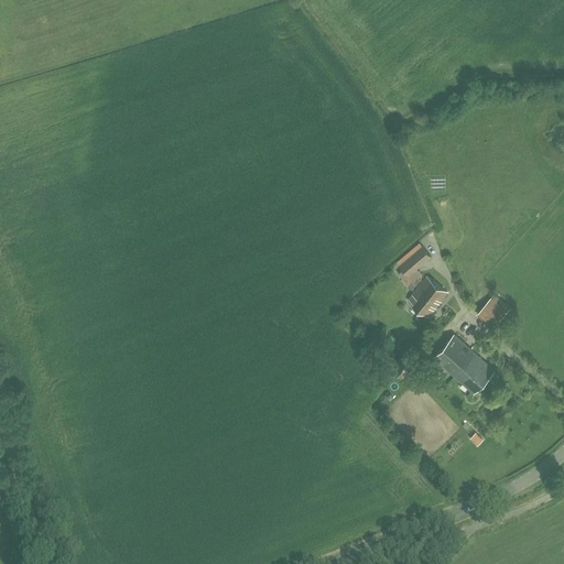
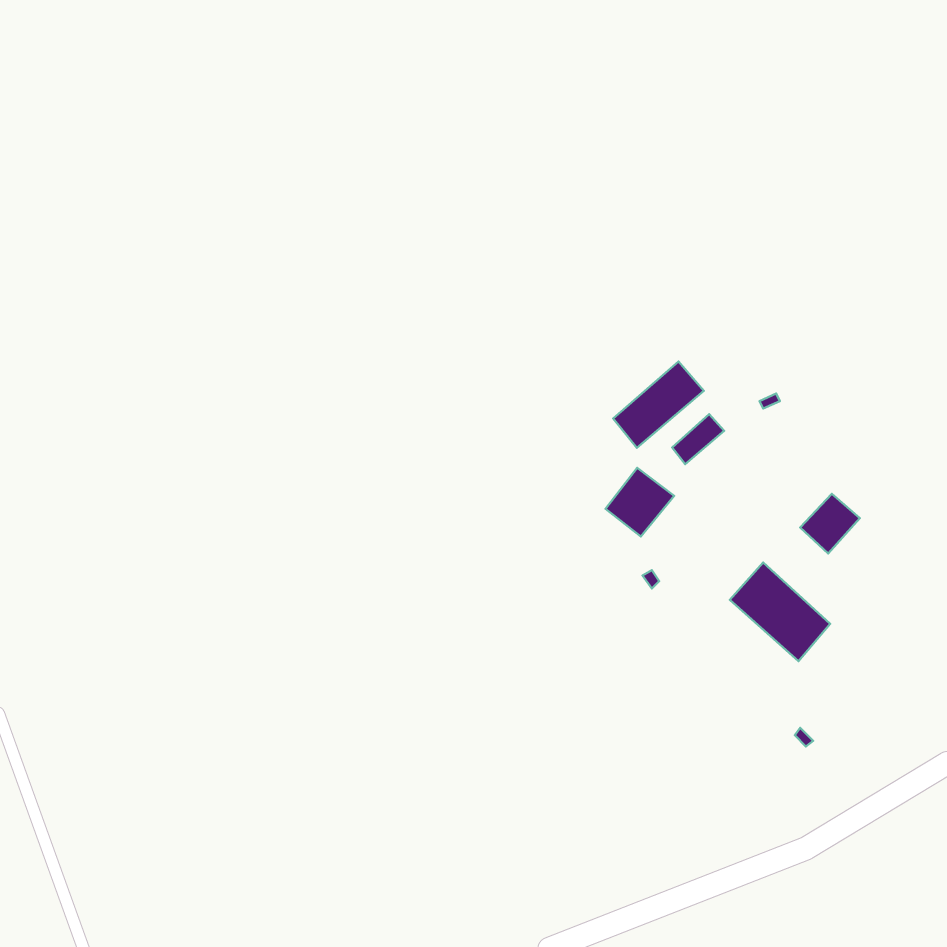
building: none -> [613,361,704,448]
building: [406,276,447,317] -> [606,468,674,537]

